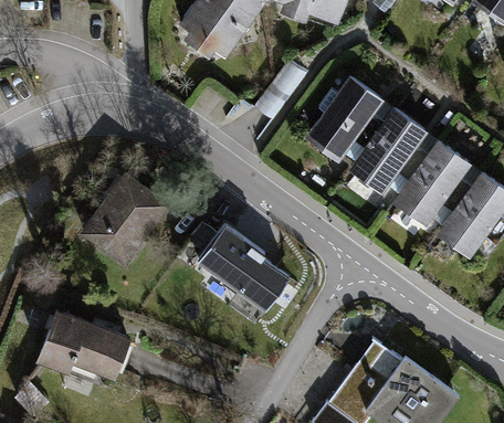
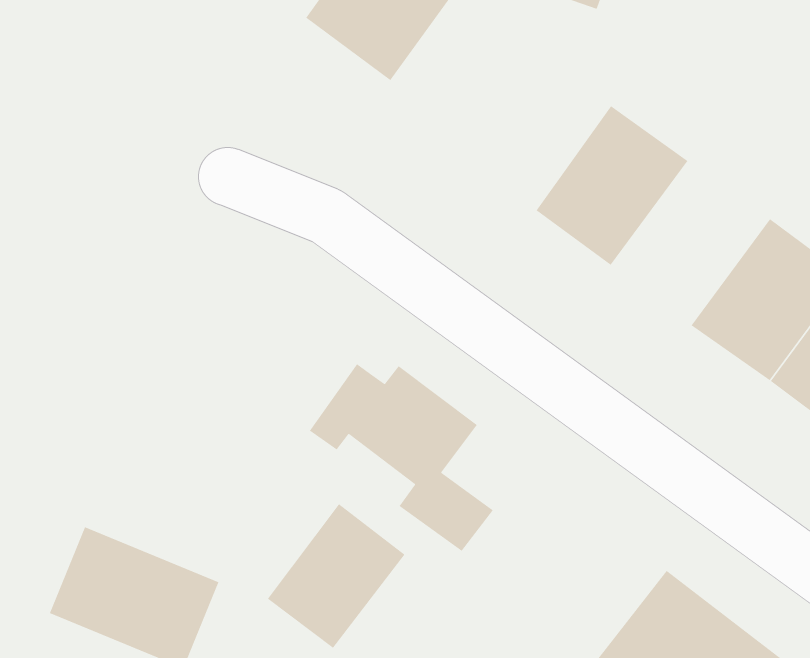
building: [347,106,435,198] -> none
building: [84,171,171,262] -> none
building: none -> [267,503,406,649]

